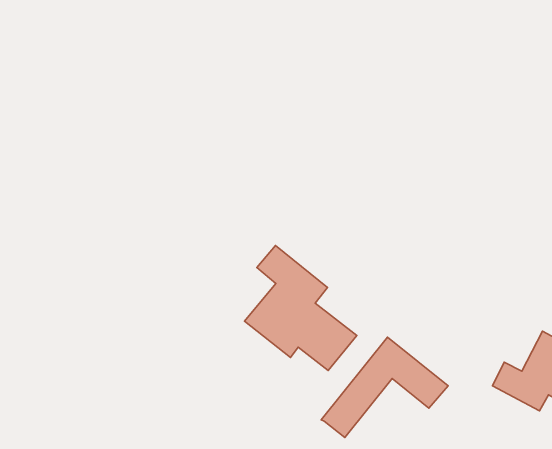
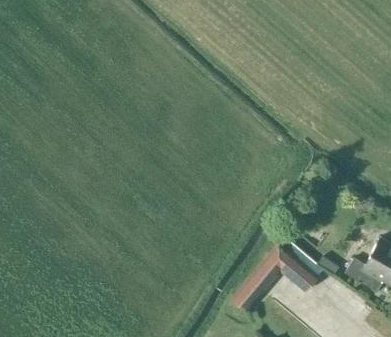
building: [245,246,357,370] -> none

